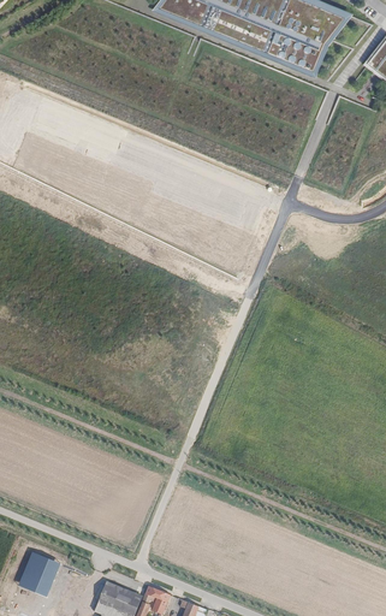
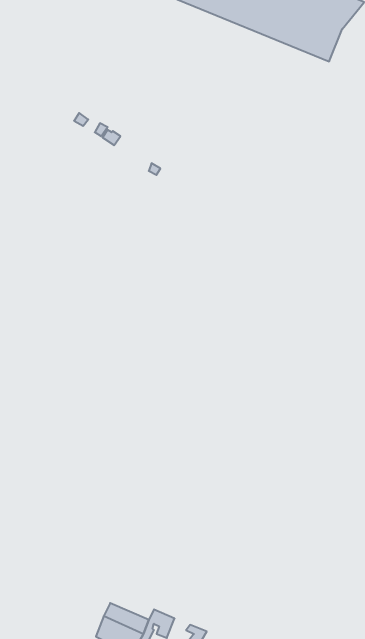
building: [18,550,60,594] -> none

